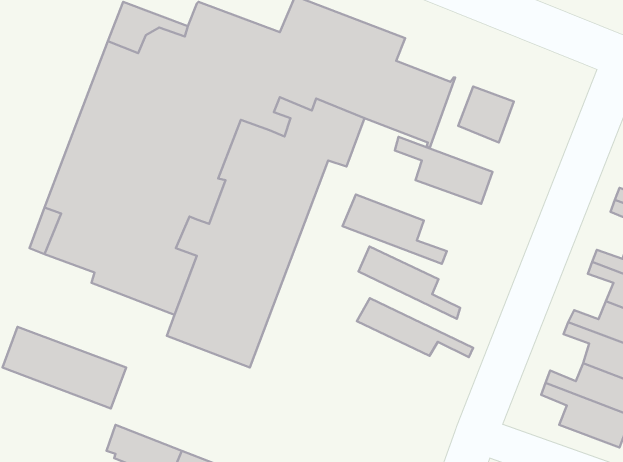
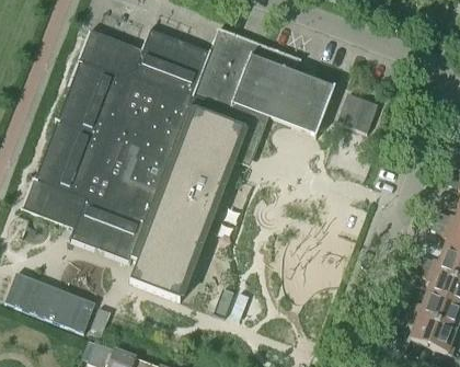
building: [395,137,492,204] -> none
building: [342,195,447,264] -> none
building: [359,246,460,319] -> none
building: [357,298,473,357] -> none

